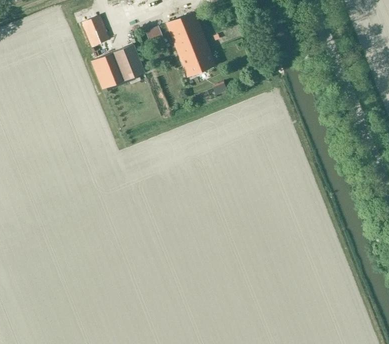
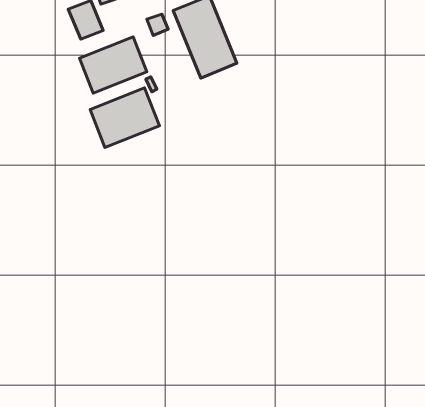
building: none -> [90,88,159,147]

